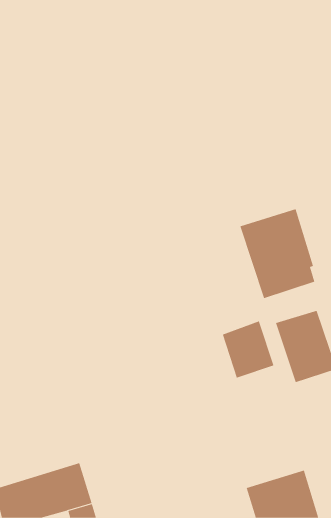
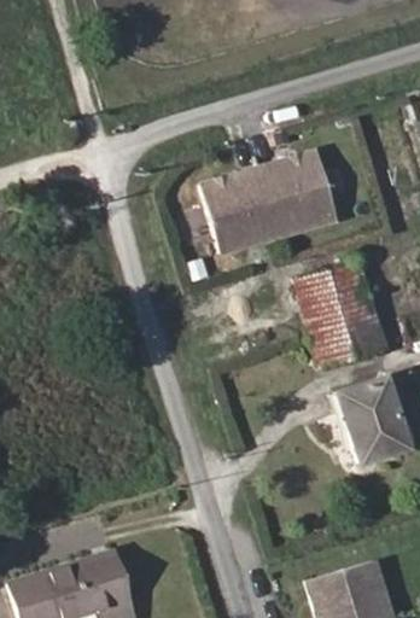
building: none -> [203,150,340,252]
building: [222,321,274,379] -> none

